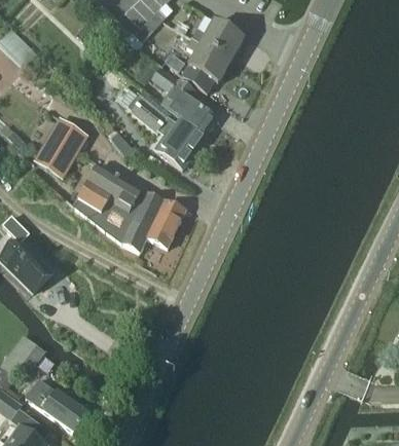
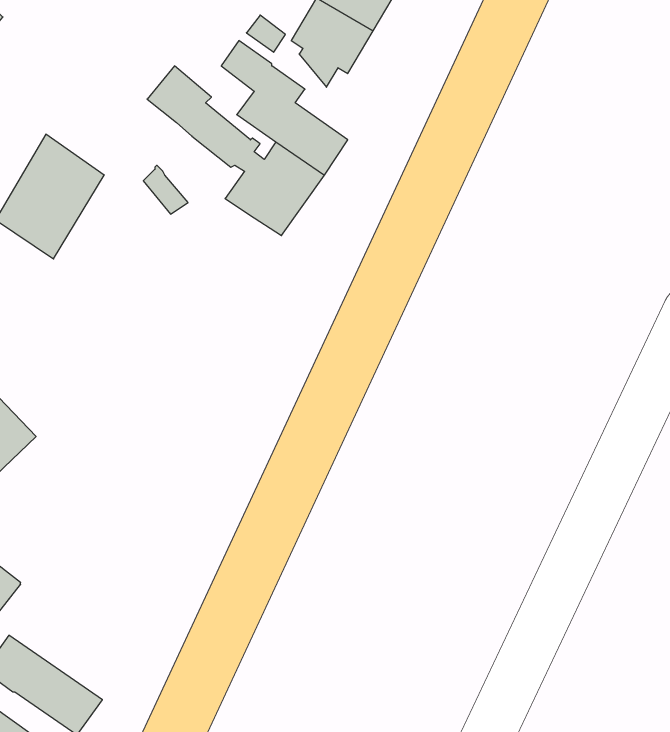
building: [73,163,186,251] -> none

